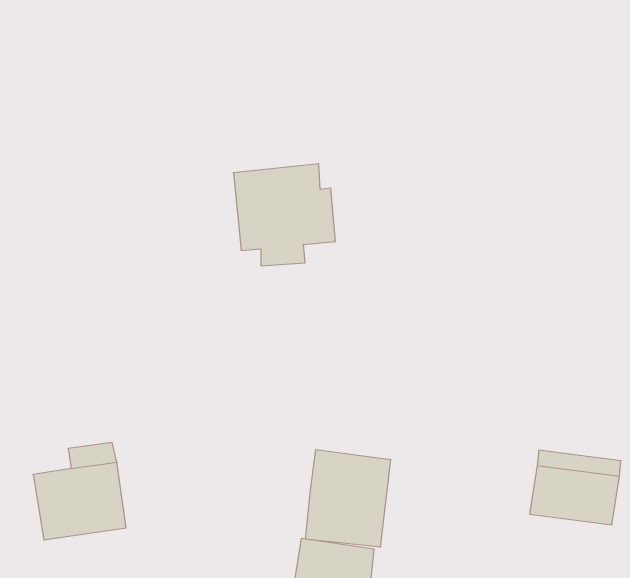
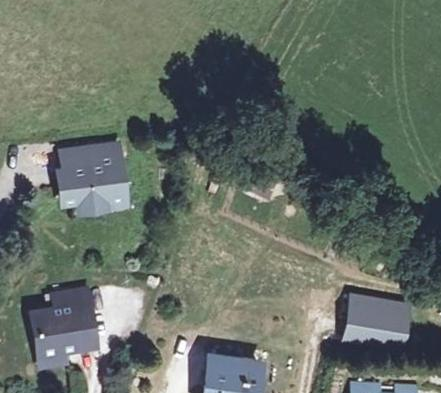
building: [233,164,335,266] -> [60,149,127,216]
building: [305,450,391,547] -> none

